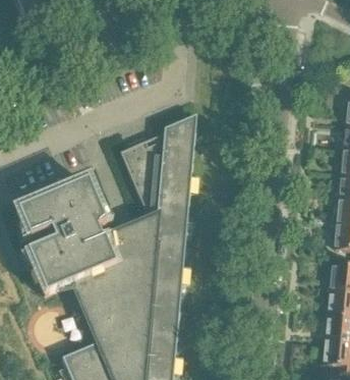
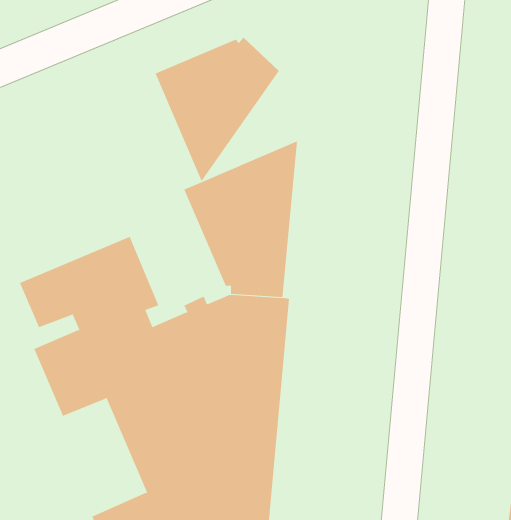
building: none -> [155,37,280,182]

